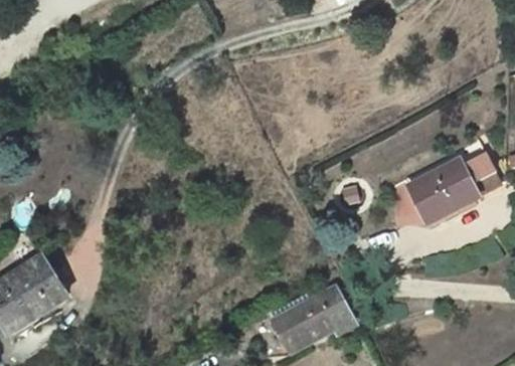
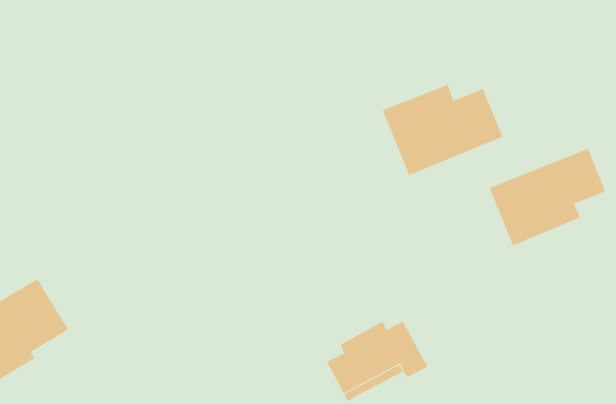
building: none -> [382,84,503,176]

